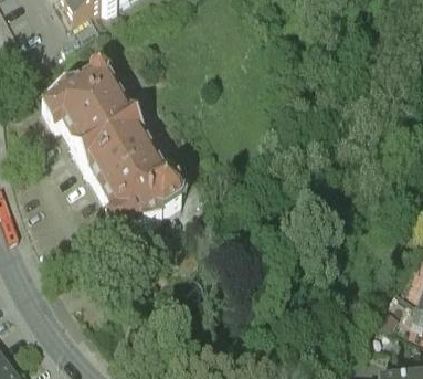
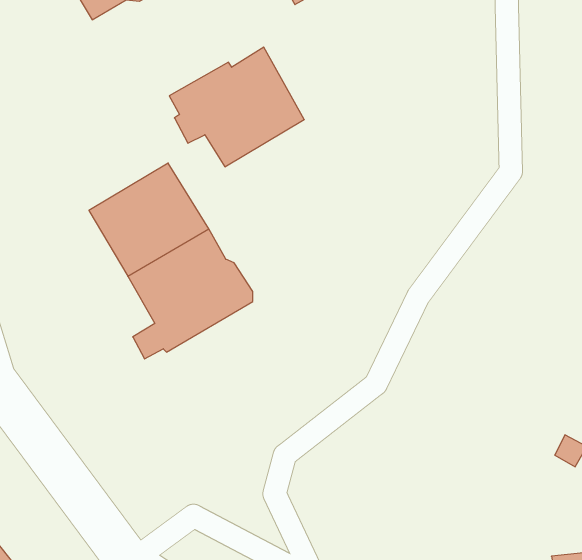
building: [42,70,130,148] -> [169,47,304,167]

